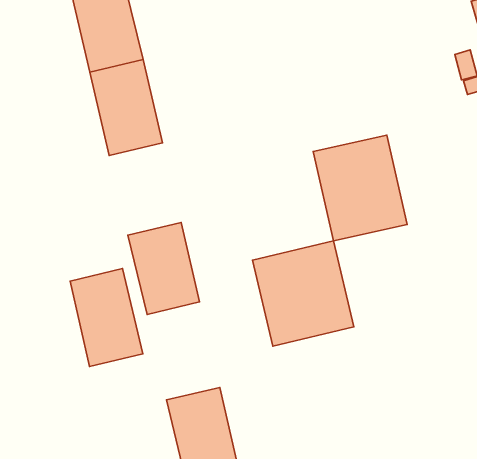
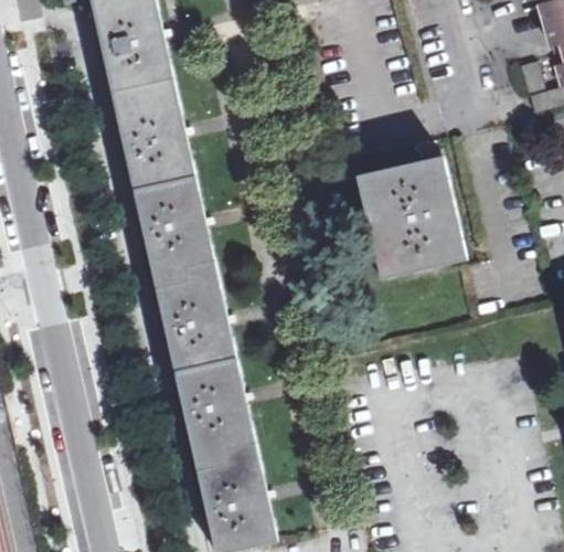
building: none -> [130,167,212,272]
building: [252,241,354,346] -> none
building: [70,269,143,367] -> [173,348,256,459]

